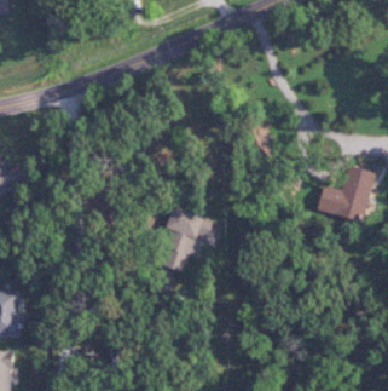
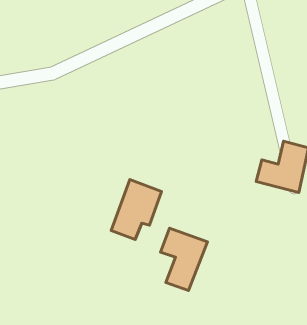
building: none -> [161,228,208,290]

